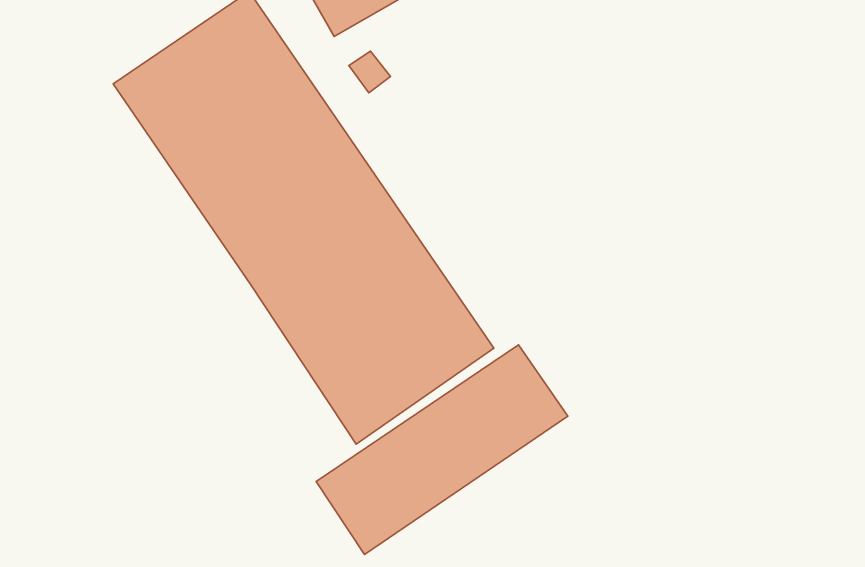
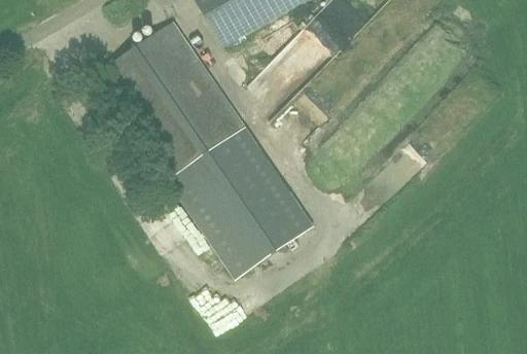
building: [316,345,568,554] -> none

